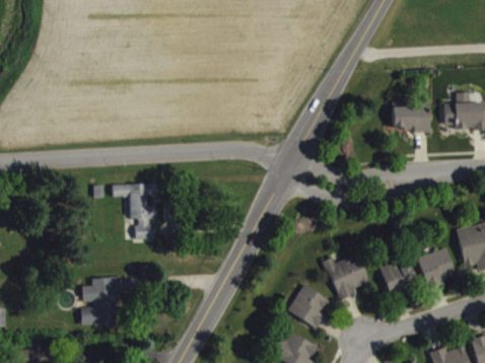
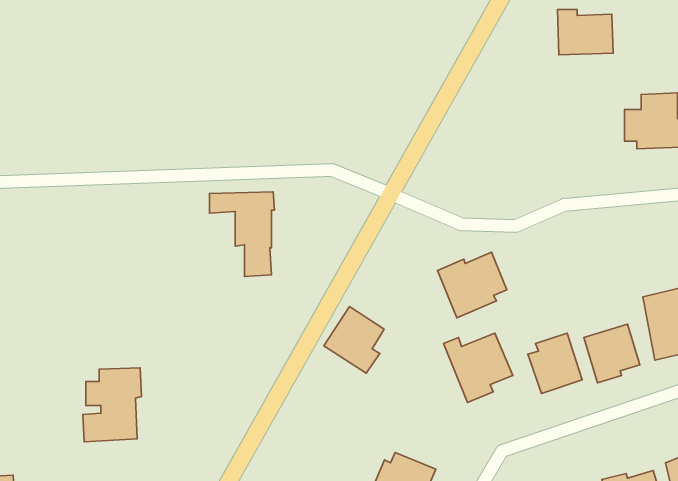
building: [392,100,429,131] -> [557,10,613,55]
building: [113,184,156,240] -> [210,192,275,276]
building: none -> [437,252,507,318]
building: [287,284,328,329] -> [324,307,384,373]

